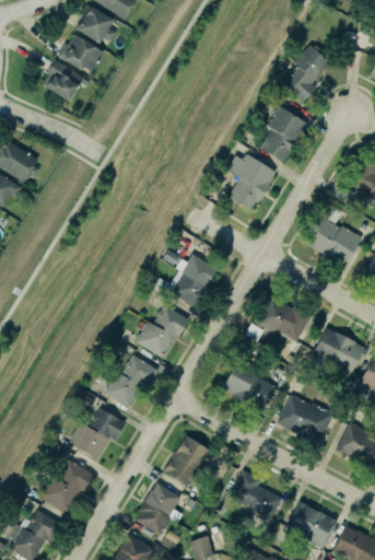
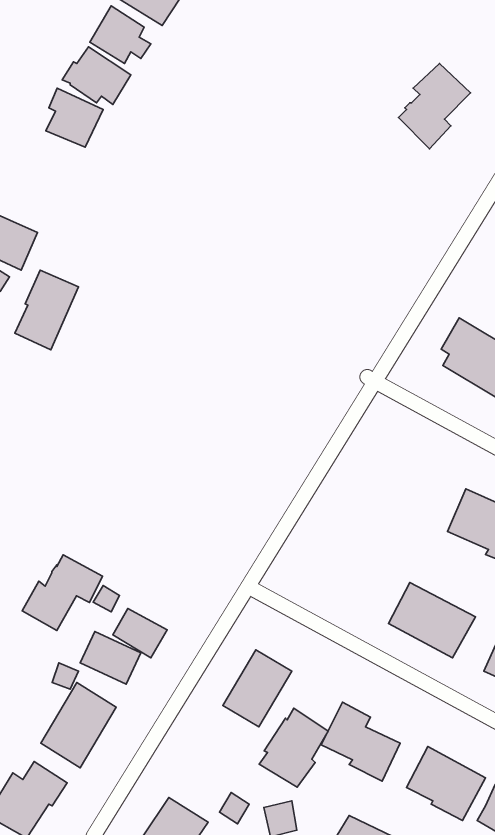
building: [260,106,308,163] -> none
building: [227,154,277,212] -> none
building: none -> [15,270,78,350]
building: [167,255,218,306] -> none
building: [244,292,309,341] -> none
building: [137,303,190,357] -> none
building: [105,354,159,405] -> [22,555,103,630]
building: [222,359,273,409] -> none
building: [134,481,180,534] -> [259,708,328,787]

